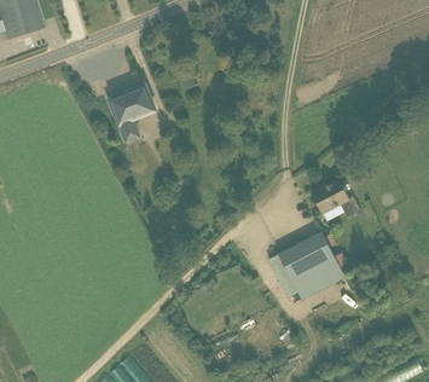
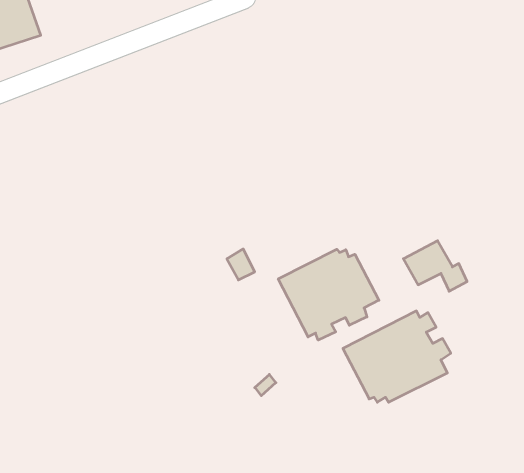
building: [109,85,155,141] -> none
building: none -> [278,249,379,340]

